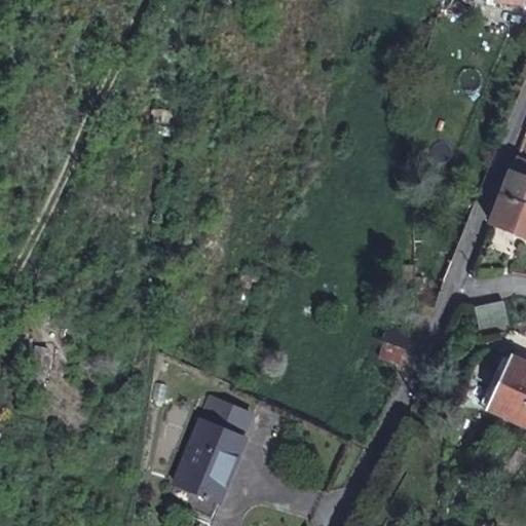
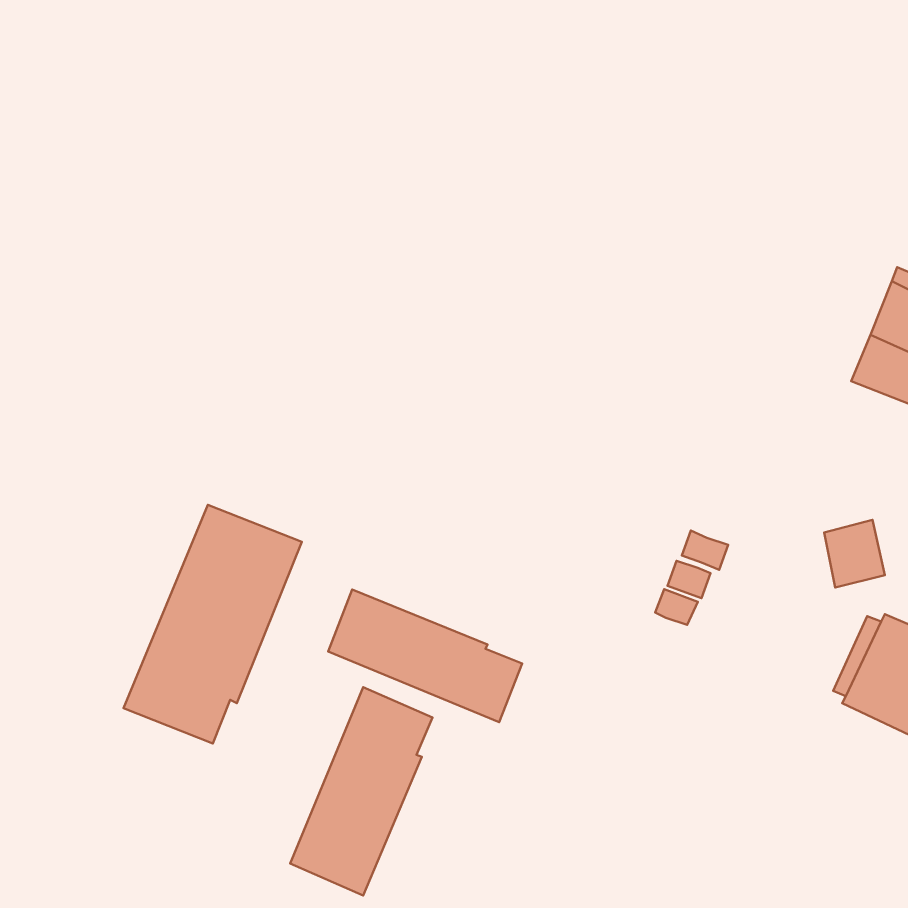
building: none -> [124,505,302,743]
building: none -> [328,590,522,722]

